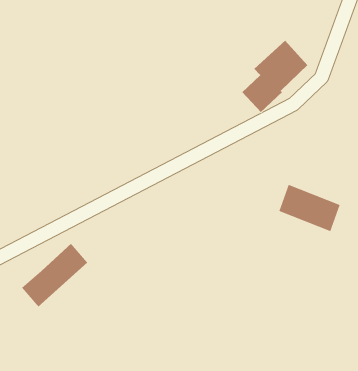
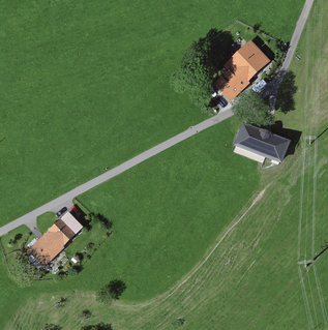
building: [278,184,340,232] -> [235,122,288,162]

